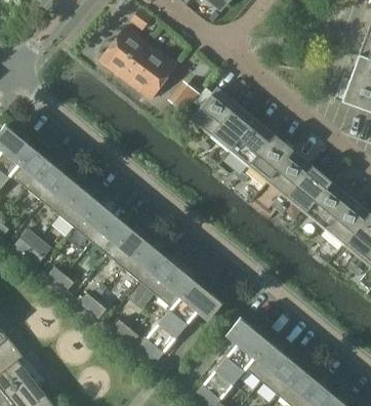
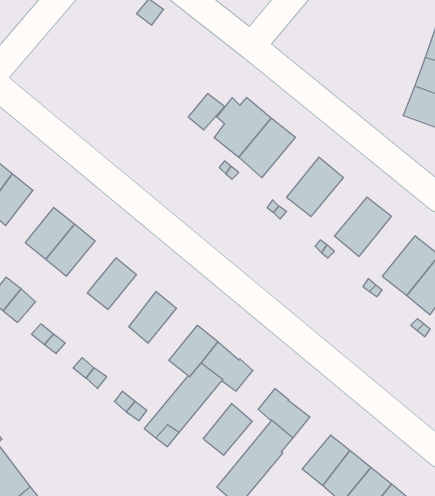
building: [99,25,177,98] -> none
building: [230,118,275,165] -> none
building: [269,150,313,196] -> none
building: [27,160,65,201] -> none
building: [306,180,351,228] -> none
building: [75,200,114,241] -> none
building: [108,227,146,268] -> none
building: [139,253,178,294] -> none
building: [245,339,284,380] -> [203,403,252,455]

